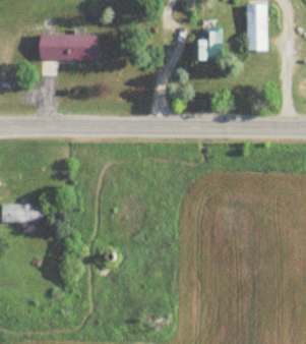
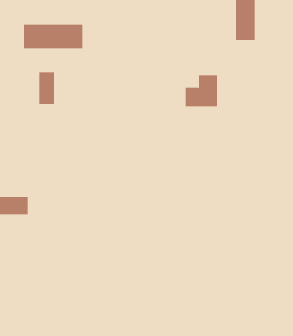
building: [192,27,225,59] -> [185,75,218,107]
building: none -> [39,71,54,105]

